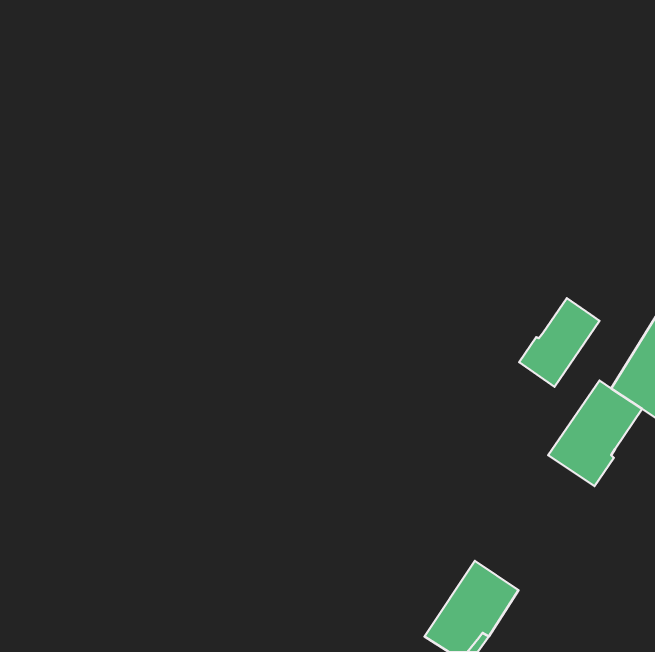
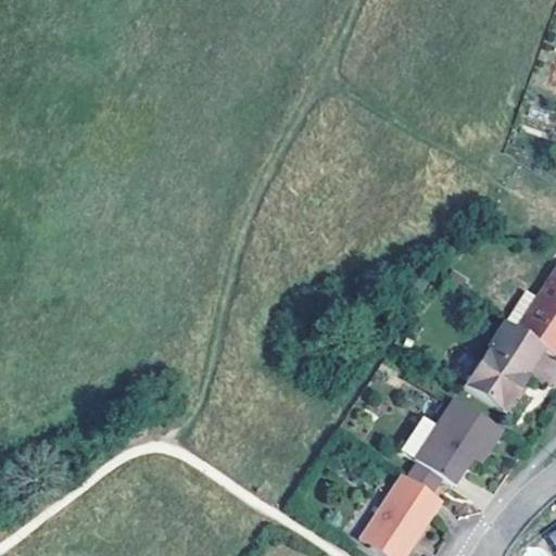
building: [519,298,599,387] -> none
building: none -> [402,397,503,482]

